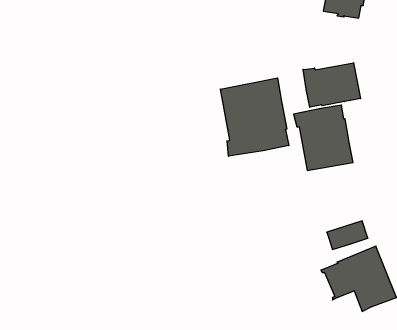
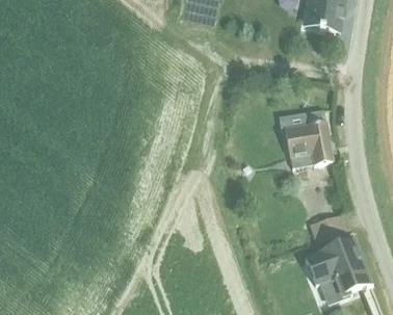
building: [303,63,361,107] -> none
building: [220,78,289,156] -> none

